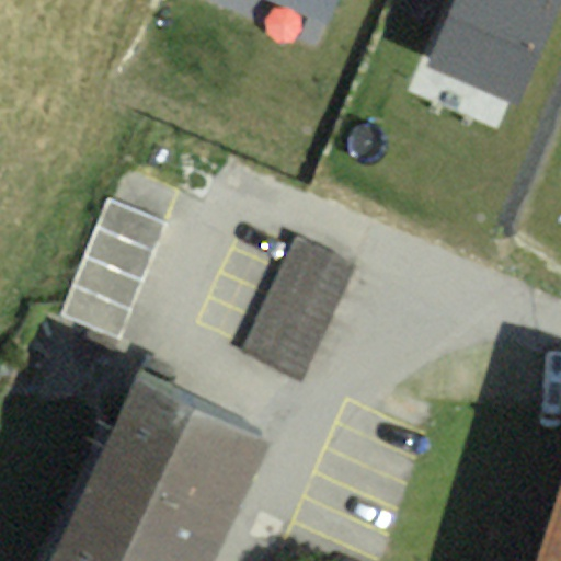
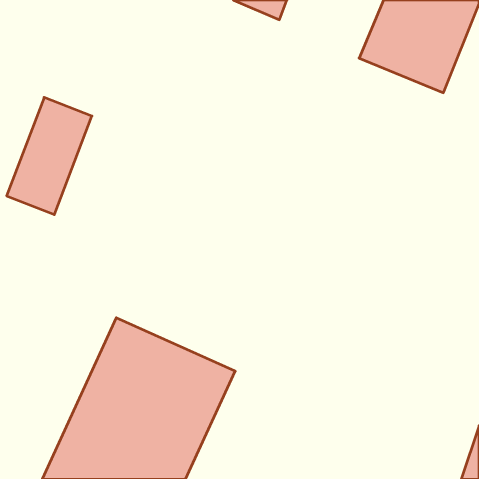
building: [62,191,162,328] -> [7,97,92,215]
building: [241,239,354,380] -> none

